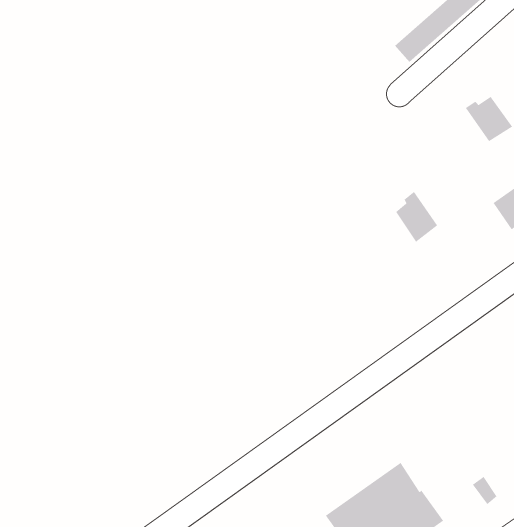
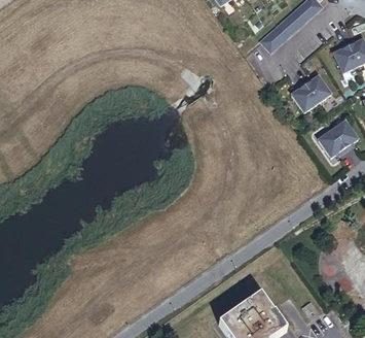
building: [395,191,438,243] -> [291,79,317,110]

